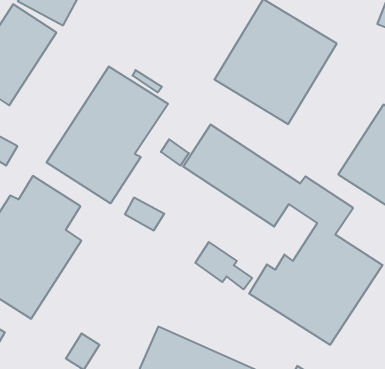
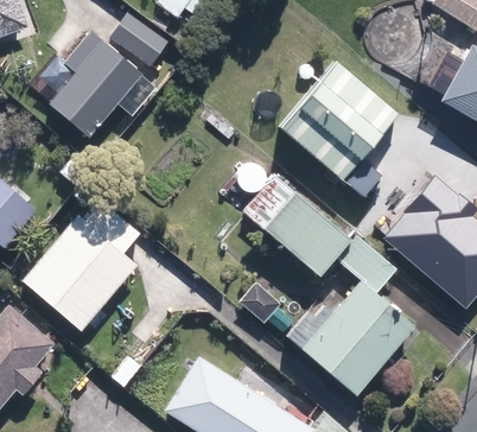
building: [47,66,168,203] -> none

